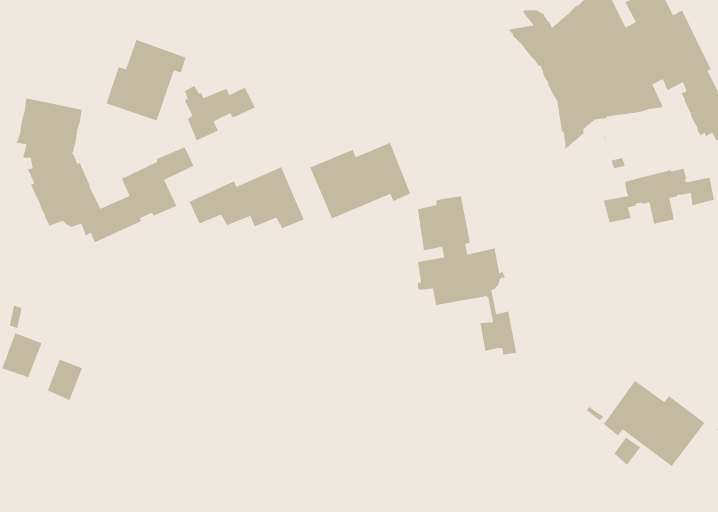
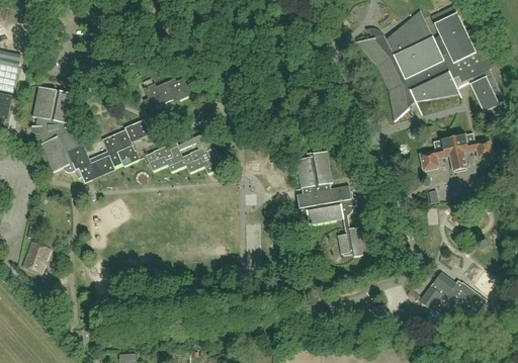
building: [105,39,186,121] -> none
building: [309,142,411,219] -> none
building: [47,358,83,401] -> none

